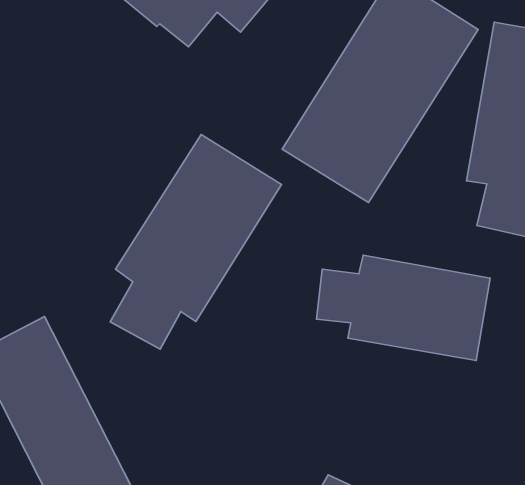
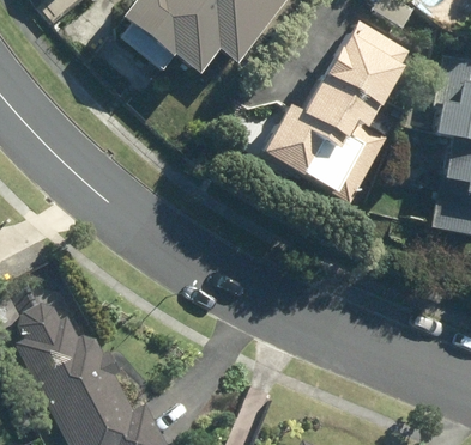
building: [110,134,282,349] -> none
building: [316,255,490,360] -> none

